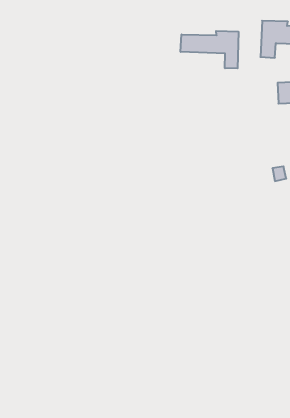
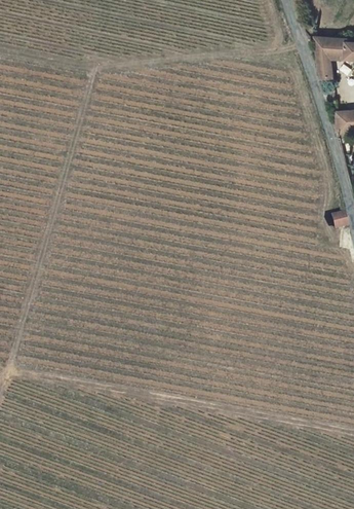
building: [181,31,238,68] -> none

